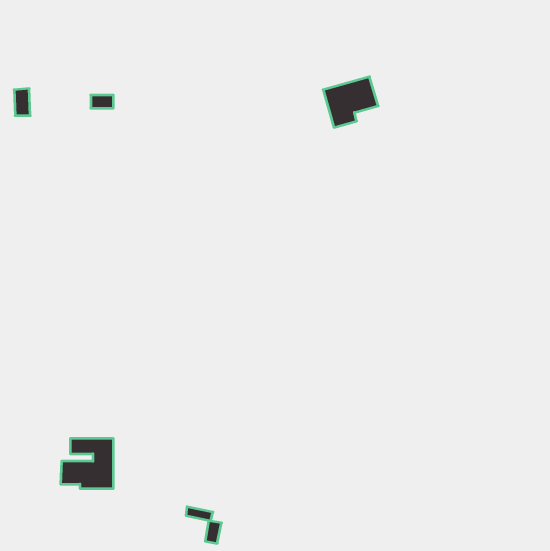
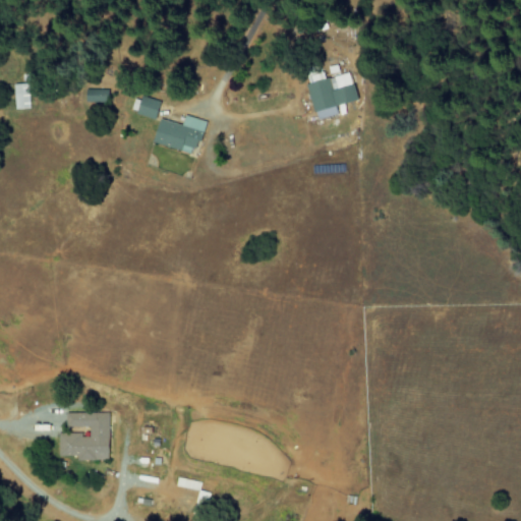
building: none -> [137,96,162,120]
building: none -> [154,115,206,155]

